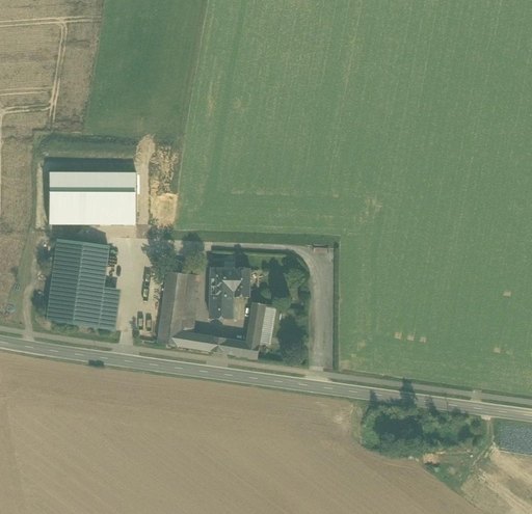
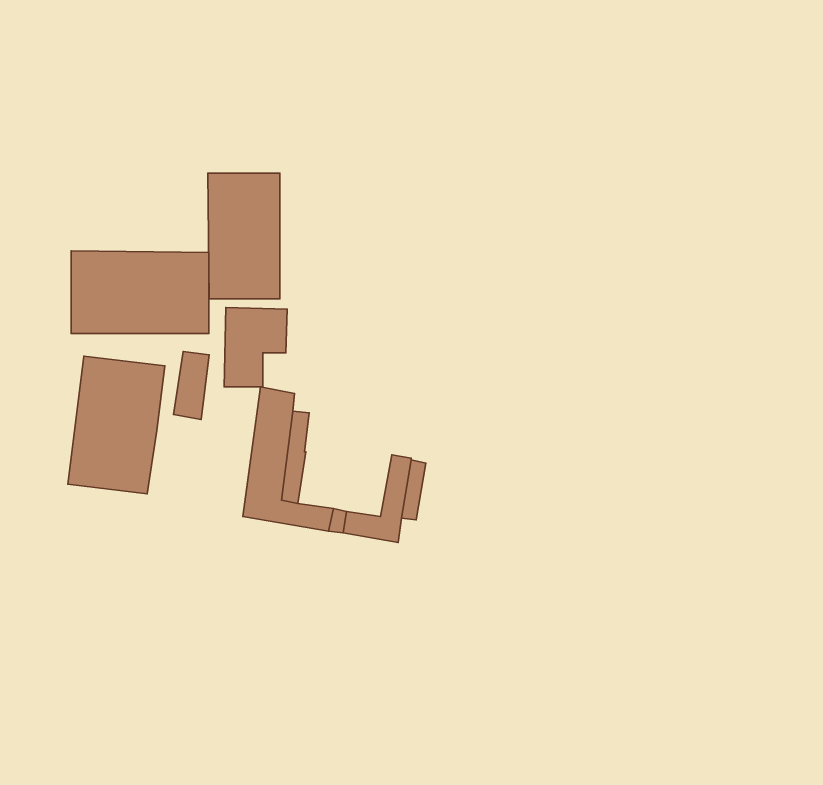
building: none -> [208,173,280,299]
building: [210,266,250,317] -> [224,308,287,387]
building: [97,286,119,329] -> [174,351,209,419]

